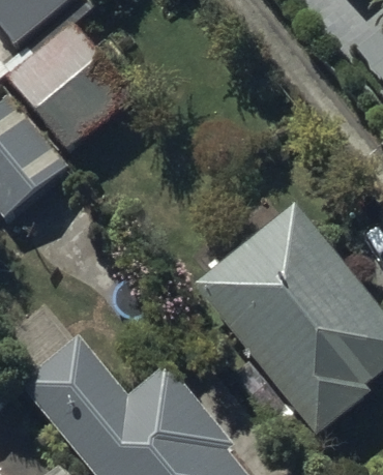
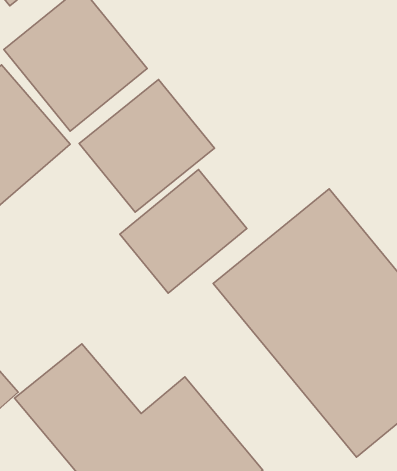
building: none -> [79,79,214,212]
building: none -> [120,170,247,293]

